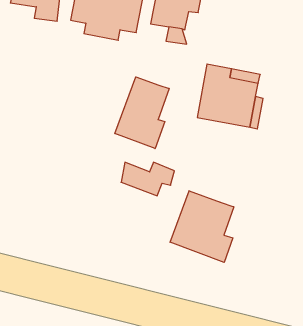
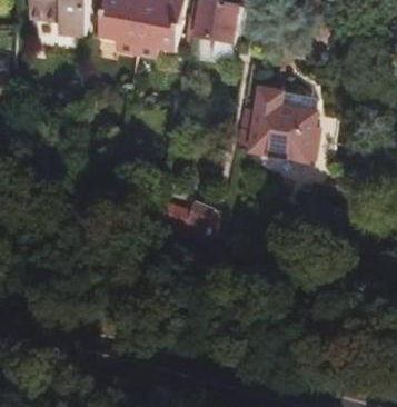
building: [115,77,169,149] -> none
building: [170,191,234,262] -> none

